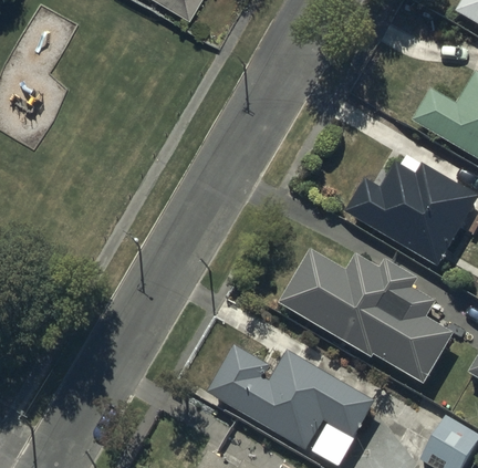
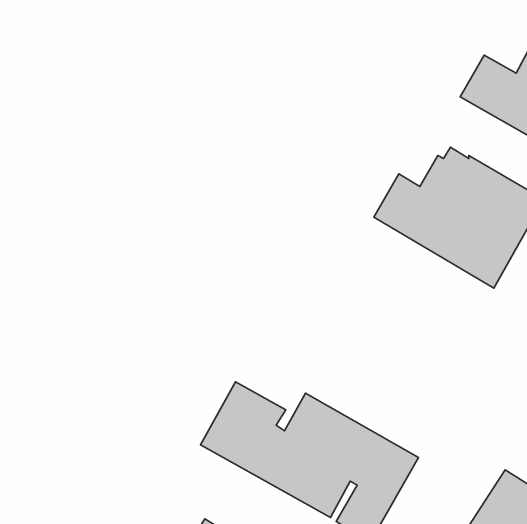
building: [280,249,455,382] -> none

